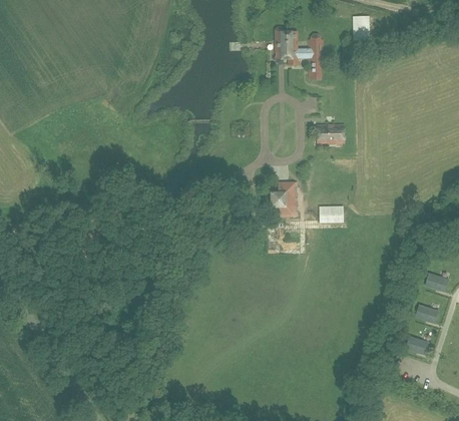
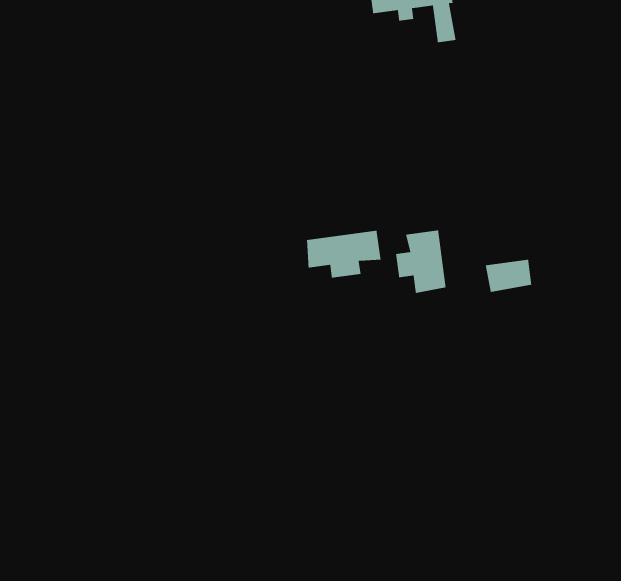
building: [318,125,344,142] -> none
building: none -> [306,230,381,278]

